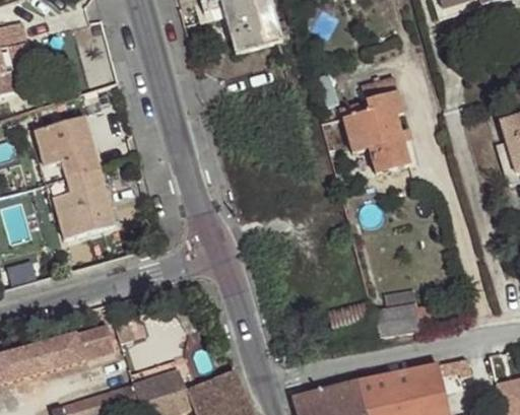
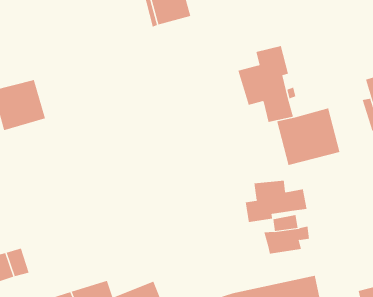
building: none -> [277,107,340,166]
building: [49,167,116,238] -> none
building: none -> [245,180,307,223]
building: [71,319,116,360] -> none

